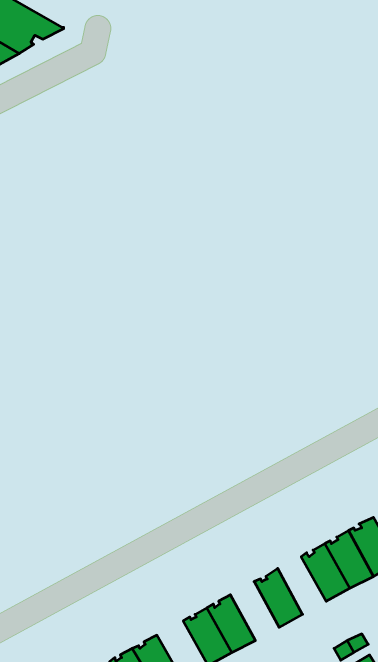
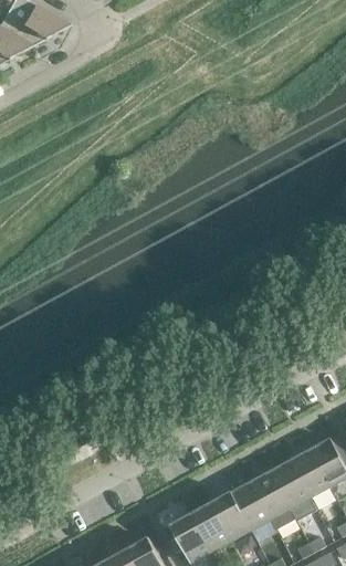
building: none -> [250,471,295,527]
building: none -> [210,492,251,542]

